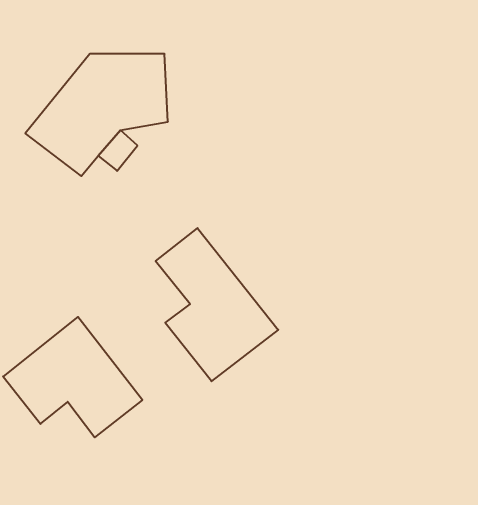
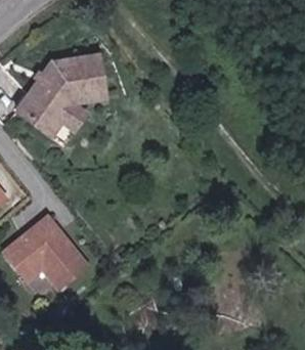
building: [156,228,278,381] -> none

